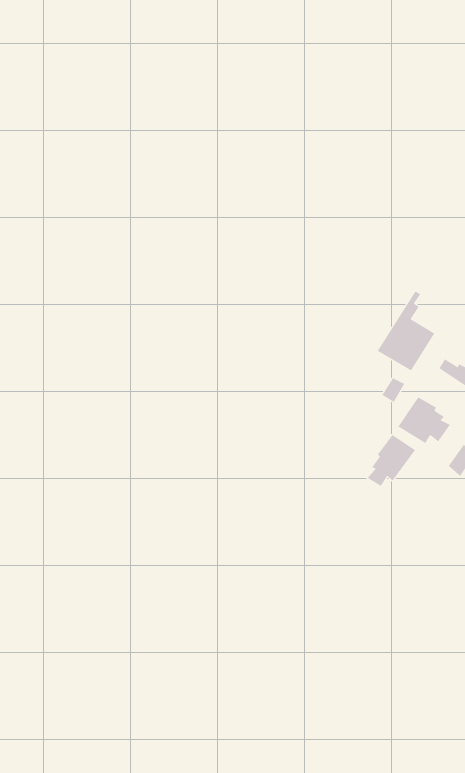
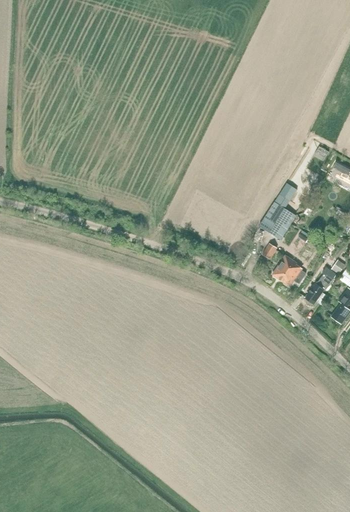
building: [367,434,416,487] -> none

